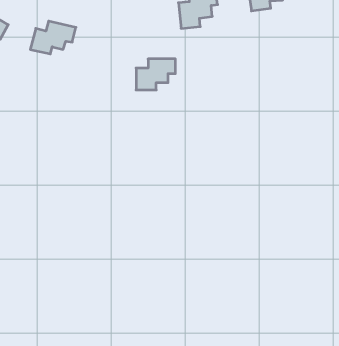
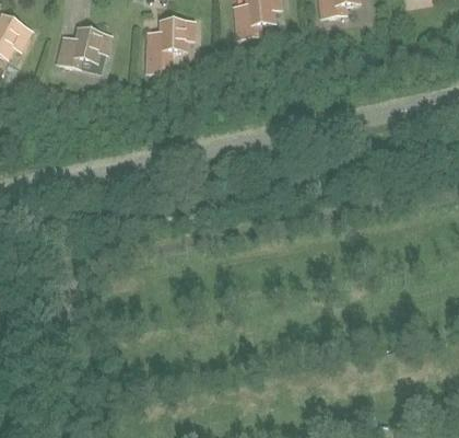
building: [136,59,175,90] -> [149,21,196,58]

